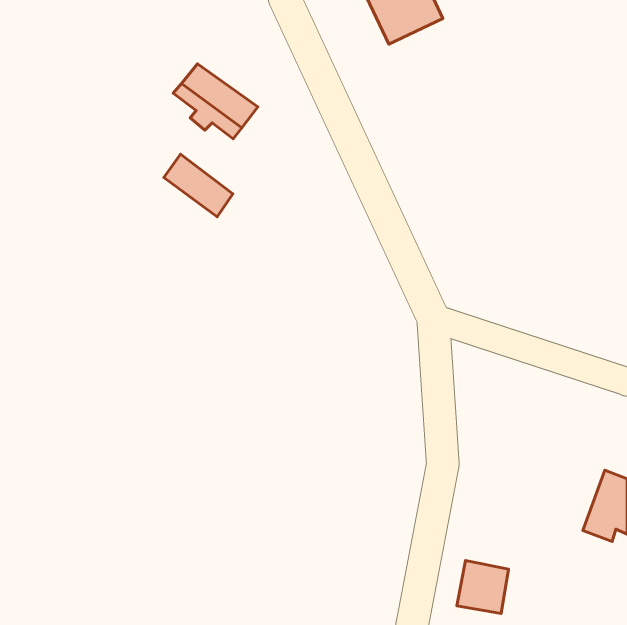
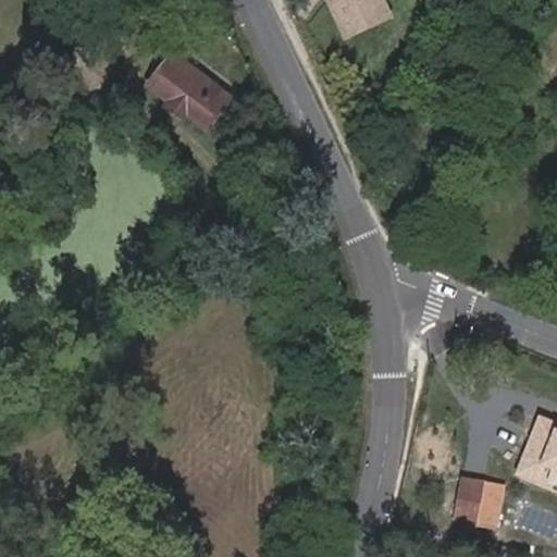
building: [164,154,233,217] -> none
building: [457,561,508,613] -> [457,478,503,524]

